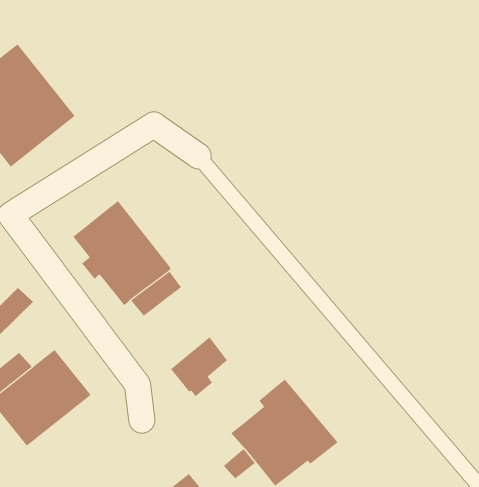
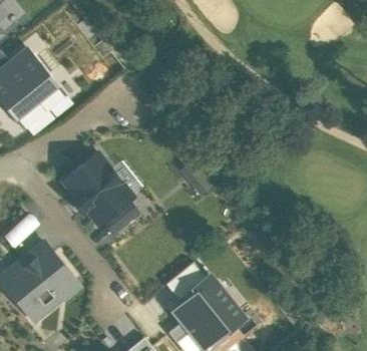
building: [170,337,228,397] -> [165,262,205,303]

